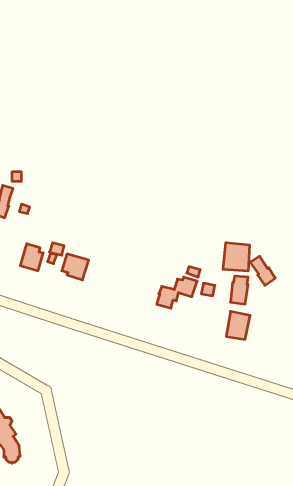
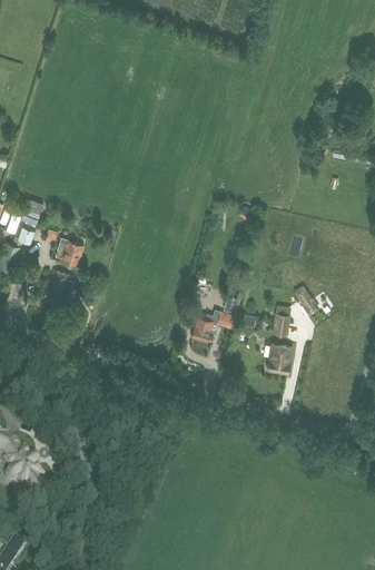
building: [223,243,249,271] -> none
building: [62,254,89,280] -> [55,237,83,265]

